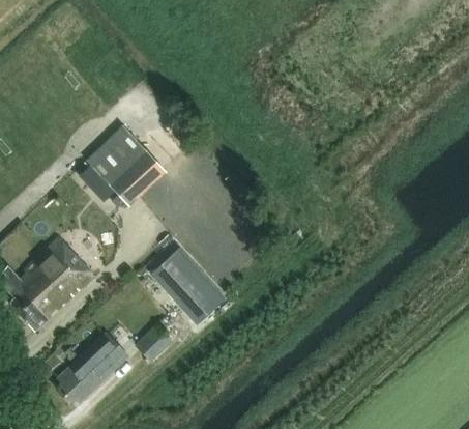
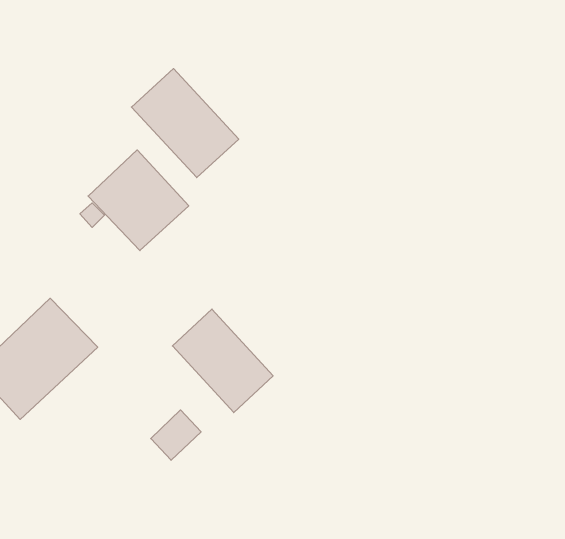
building: none -> [131,69,239,178]
building: [56,331,130,404] -> none

